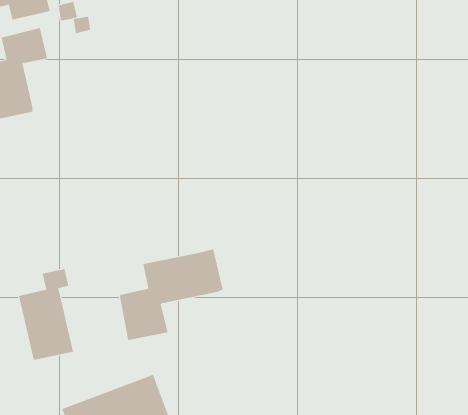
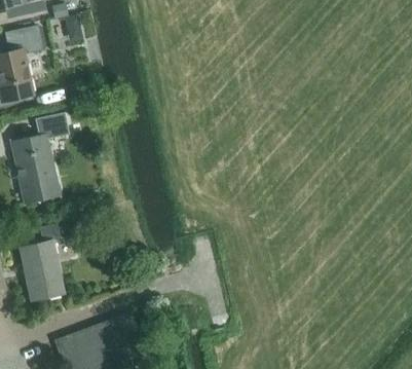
building: none -> [11,112,70,204]
building: [119,249,223,341] -> none

